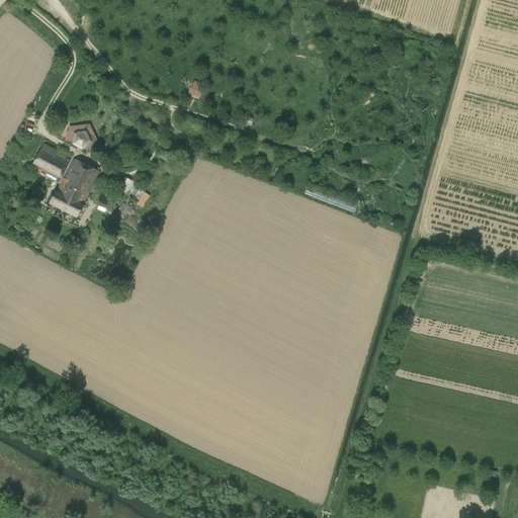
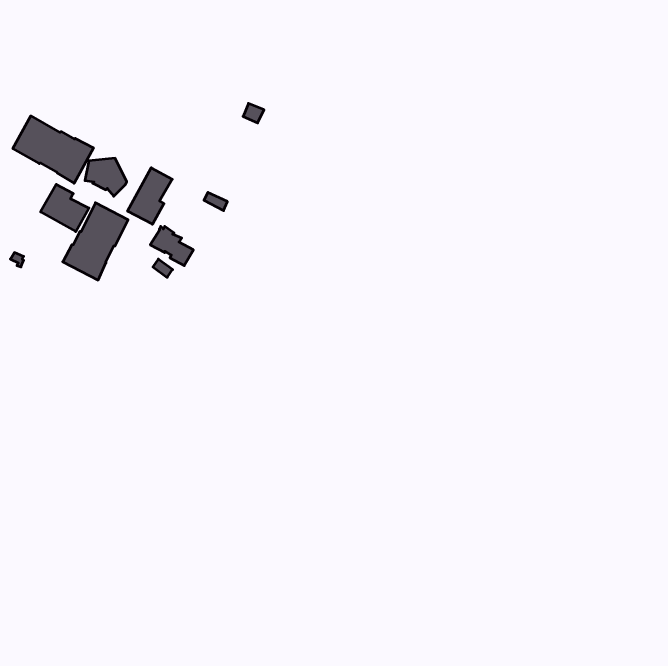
building: none -> [13,116,93,183]
building: none -> [128,168,172,224]

